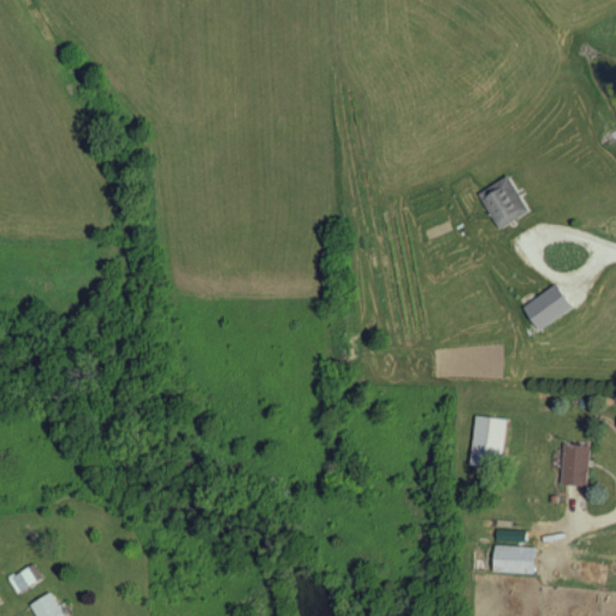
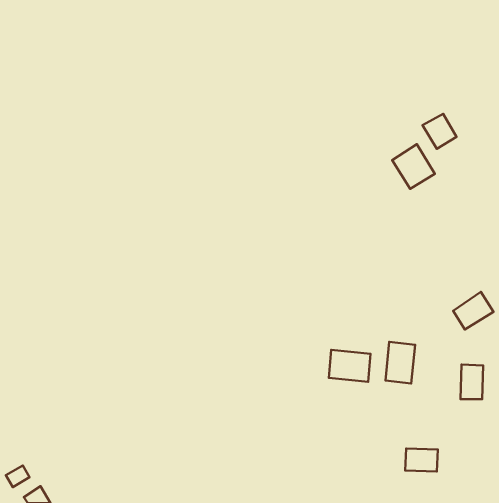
building: none -> [423,114,456,149]
building: [522,284,571,330] -> [453,292,494,330]
building: none -> [329,350,371,382]

